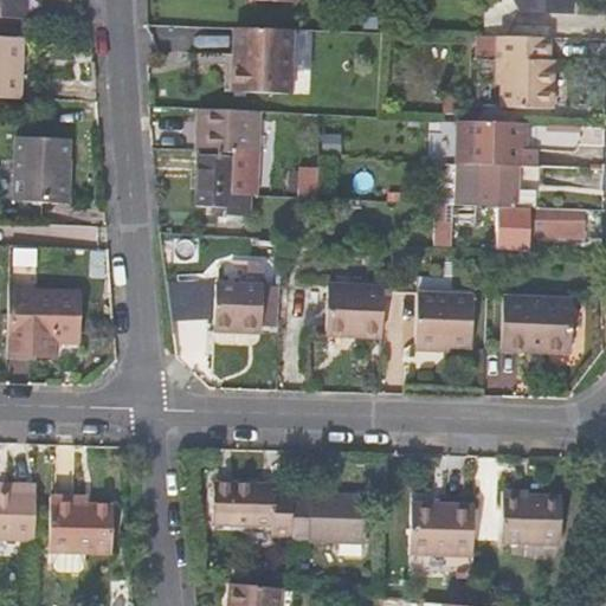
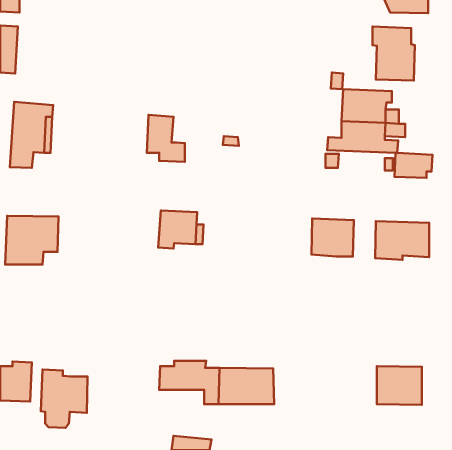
building: [233,27,290,94] -> none
building: [199,107,260,152] -> none
building: [327,284,385,337] -> none
building: [415,507,479,554] -> none

